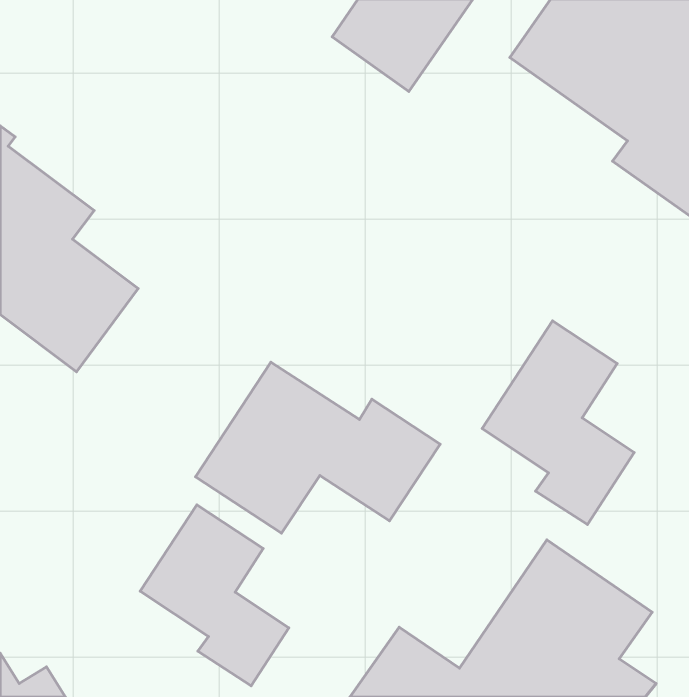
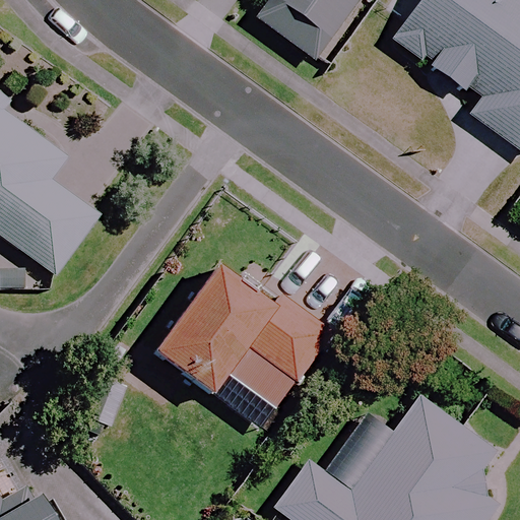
building: [482,321,634,525] -> none
building: [140,505,289,686] -> none

